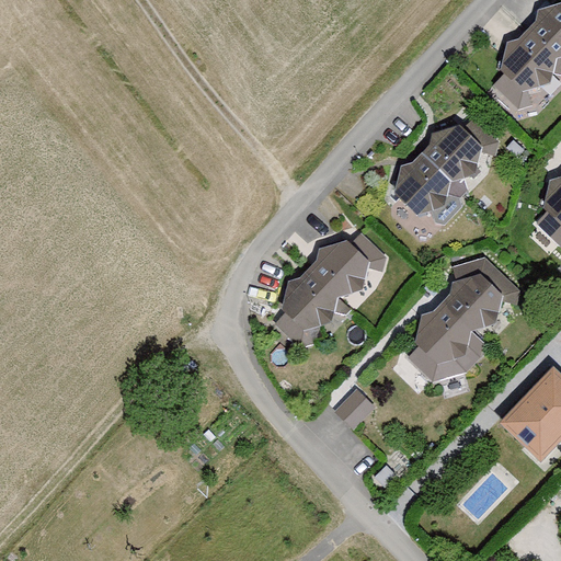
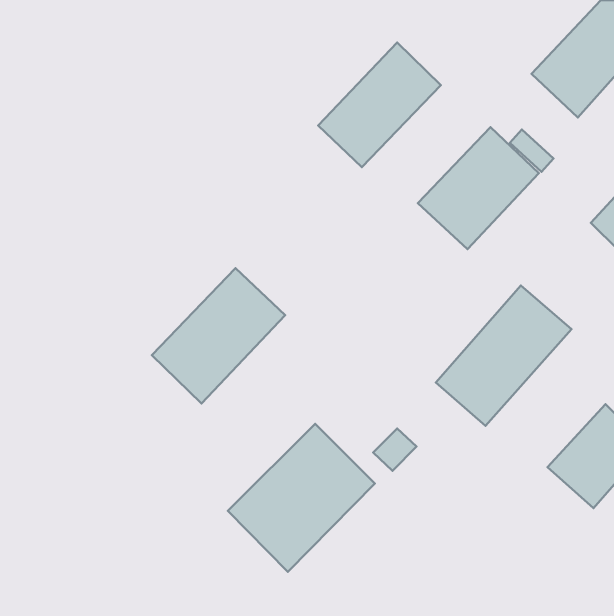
building: none -> [318,42,441,167]
building: [266,228,387,351] -> [152,268,285,404]
building: none -> [228,424,375,572]

